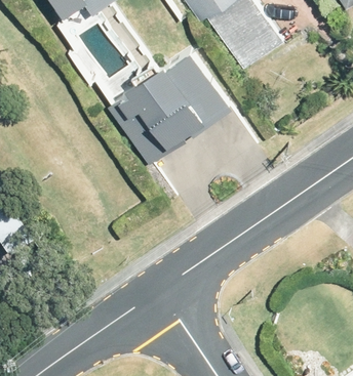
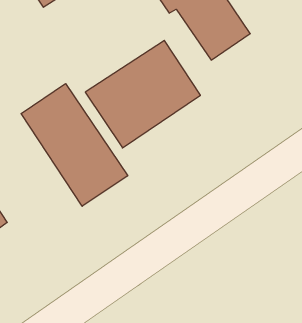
building: none -> [21,84,128,206]

